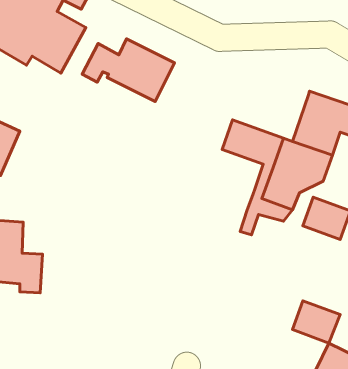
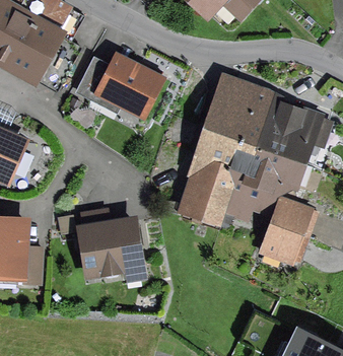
building: none -> [211,80,279,148]
building: none -> [182,155,238,228]
building: none -> [81,220,139,276]
building: [293,301,340,343] -> [265,223,307,261]

